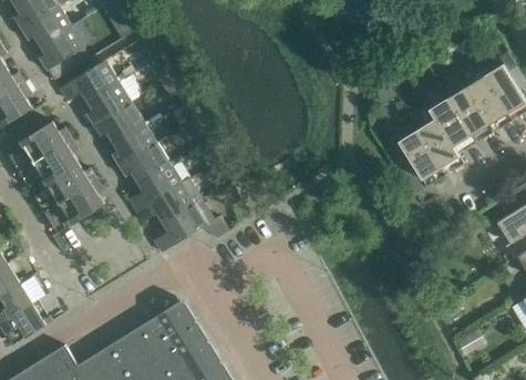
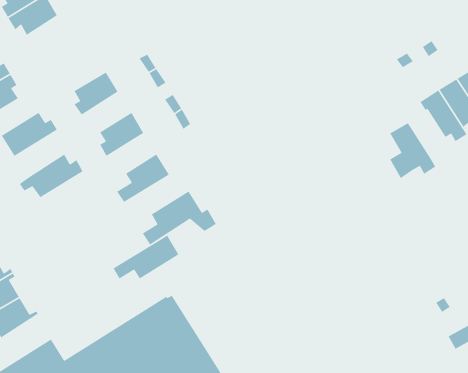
building: [39,19,93,81] -> none
building: [58,60,117,100] -> none
building: [93,101,143,141] -> none
building: [416,119,463,172] -> none
building: [27,138,76,186] -> none
building: [117,142,167,182] -> none
building: [135,177,202,222] -> [112,235,180,279]
building: [52,179,103,227] -> none

